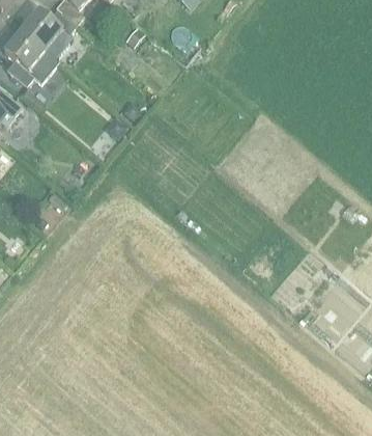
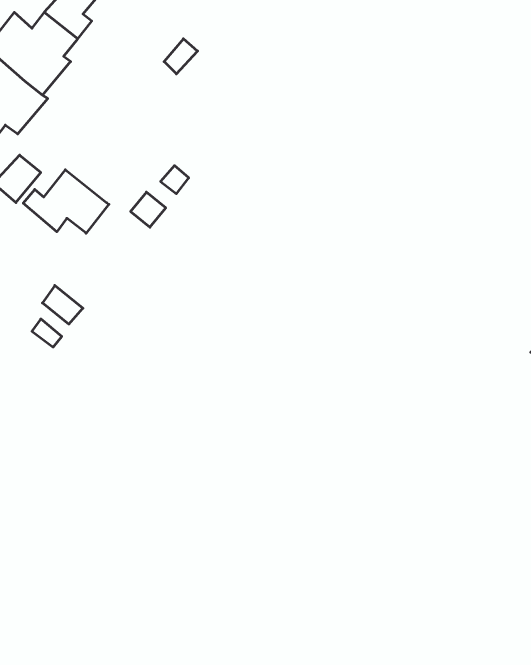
building: none -> [23,170,109,233]

